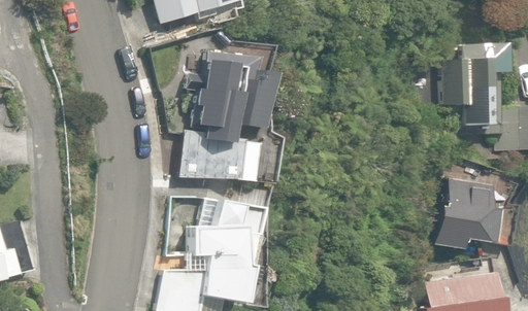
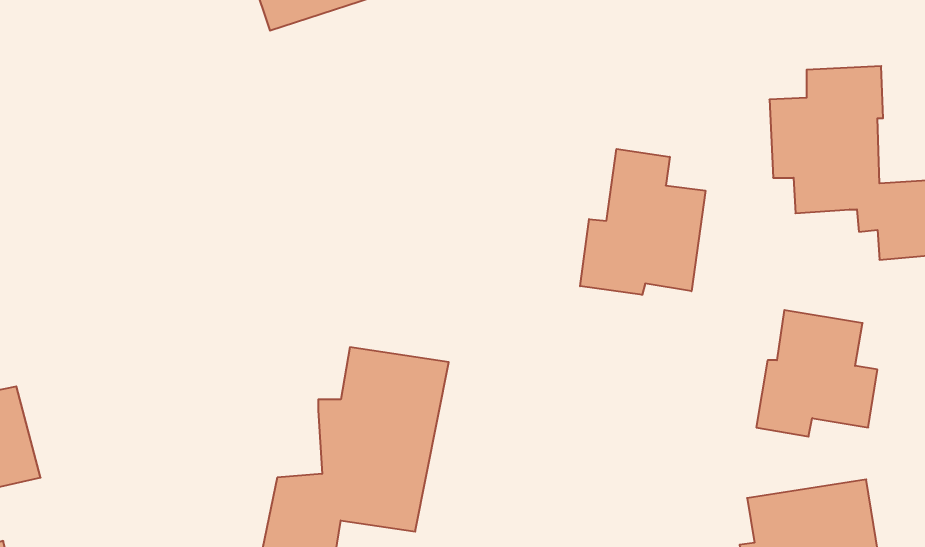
building: [183,49,277,182] -> none
building: none -> [580,149,705,295]

